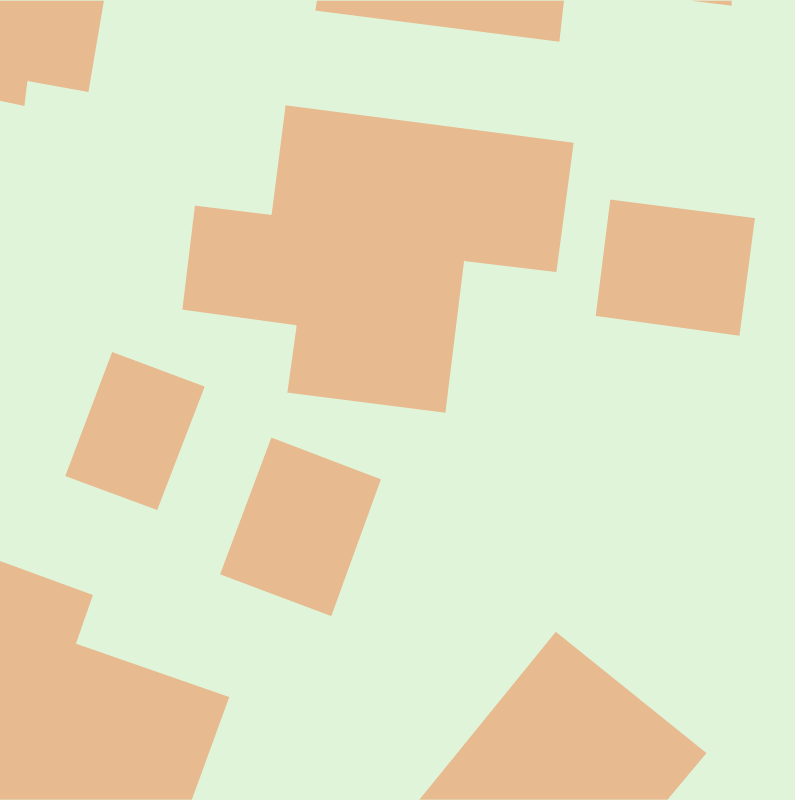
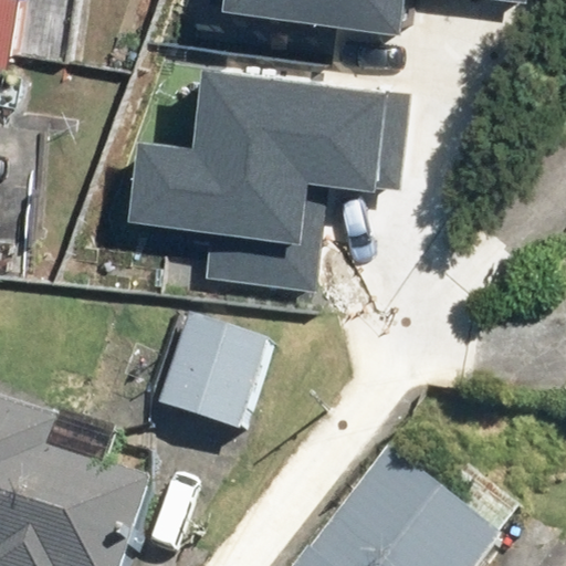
building: [595,199,755,337] -> none
building: [65,351,205,511] -> none

